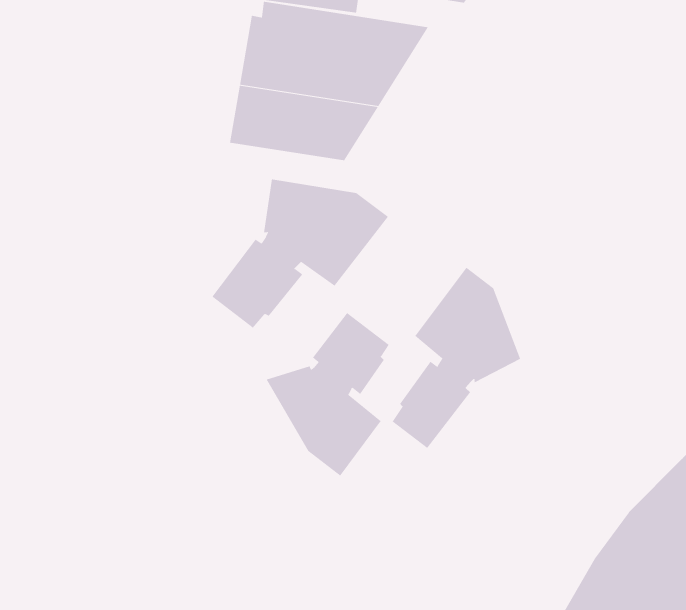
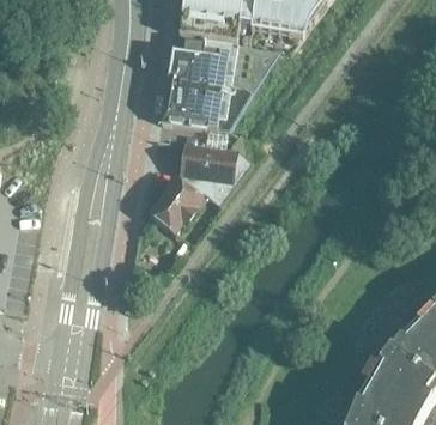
building: [392,267,521,449] -> none
building: [266,312,389,476] -> none

